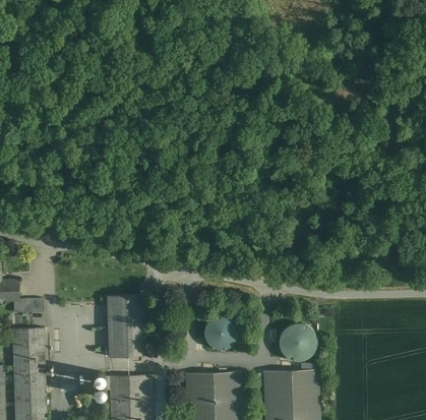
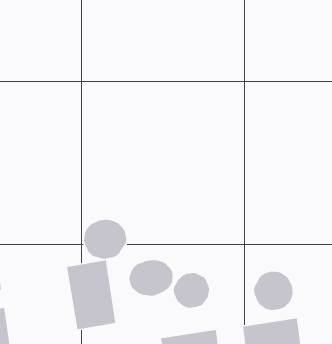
building: none -> [83,219,127,259]
building: none -> [129,260,173,297]

